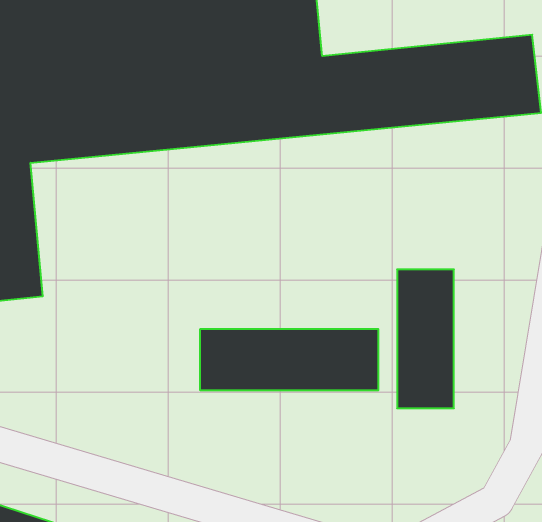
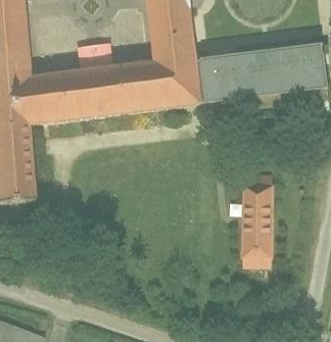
building: [200,329,378,390] -> none

